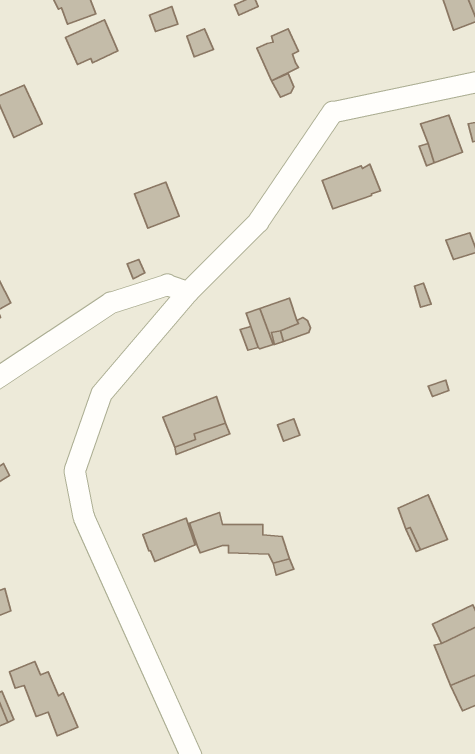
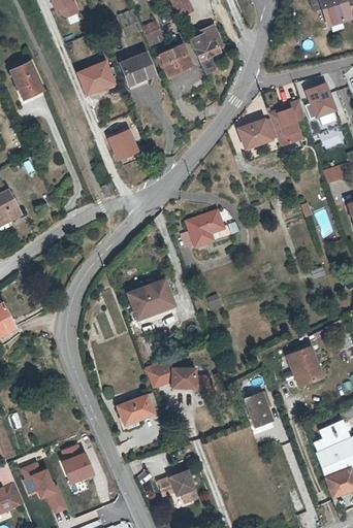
building: [66,20,118,64] -> [78,61,115,92]
building: none -> [160,44,193,74]
building: none -> [121,53,155,84]
building: none -> [268,99,306,156]
building: [143,518,195,561] -> [118,394,154,424]
building: none -> [245,391,272,426]
building: none -> [60,444,94,485]
building: none -> [157,468,198,500]

